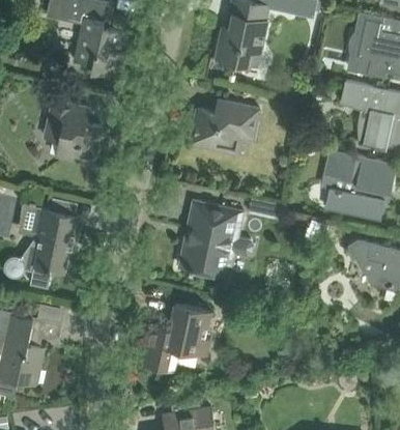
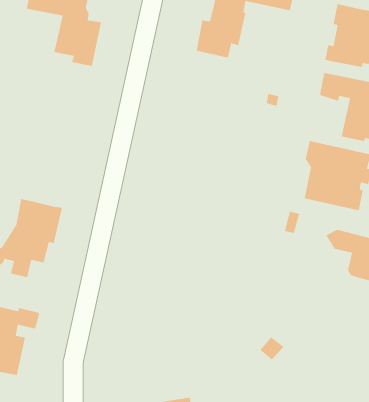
building: [46,99,101,164] -> none
building: [189,105,259,151] -> none
building: [177,200,252,282] -> none
building: [141,303,210,372] -> none

